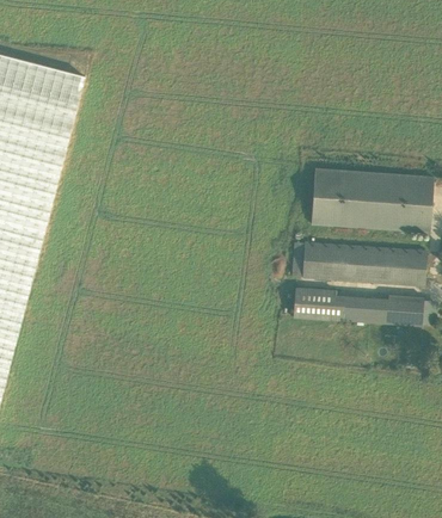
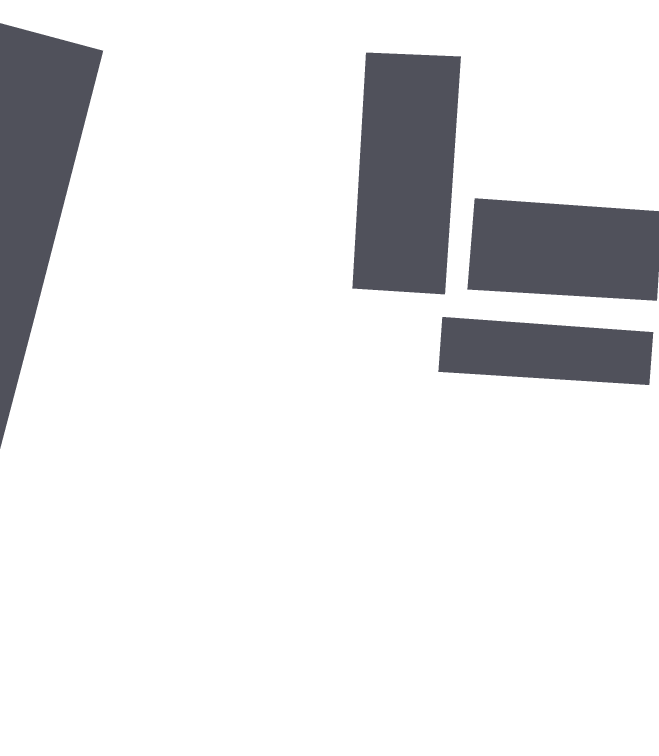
building: none -> [352,52,462,295]
building: [291,285,423,331] -> none

